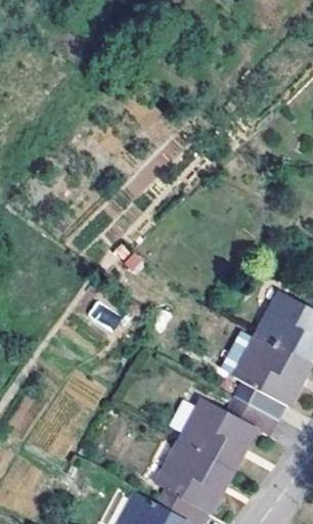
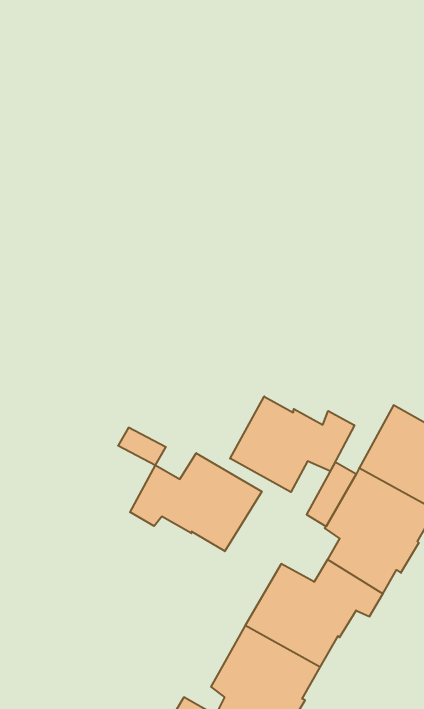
building: none -> [230,396,354,492]
building: none -> [130,453,262,551]

